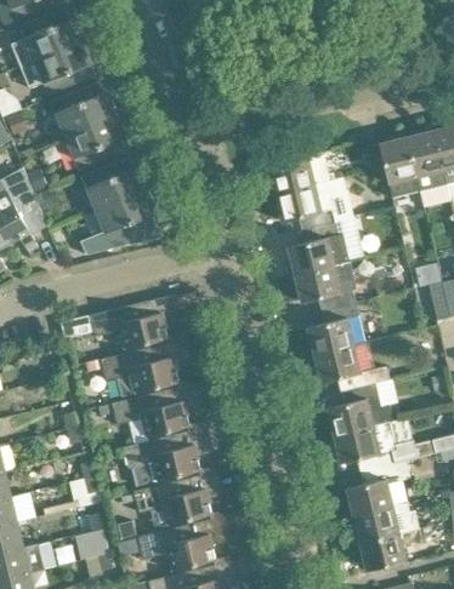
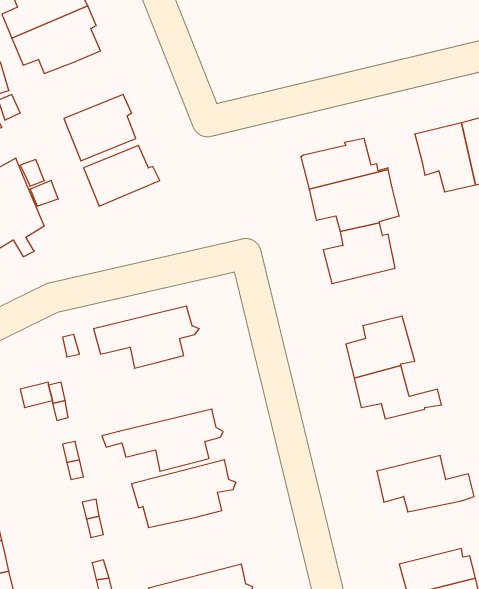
building: [49,82,114,135] -> none
building: [79,188,161,256] -> none
building: [294,263,354,313] -> none
building: [86,339,189,398] -> none
building: [325,384,392,438] -> none
building: [346,463,409,517] -> none
building: [132,473,222,526] -> none

